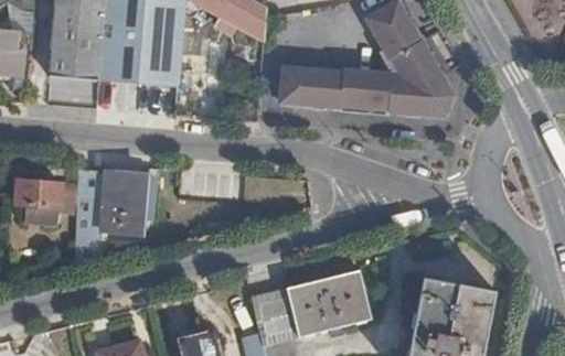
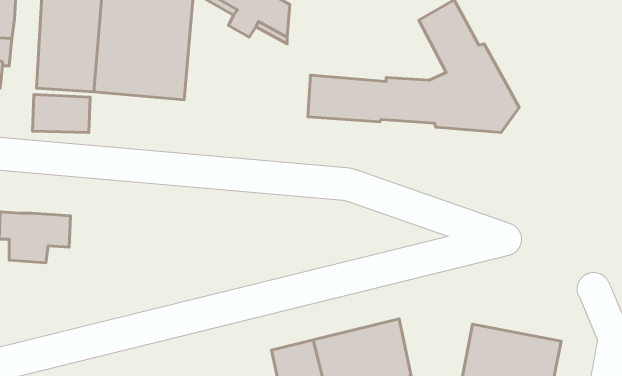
building: [75,168,147,265] -> none

